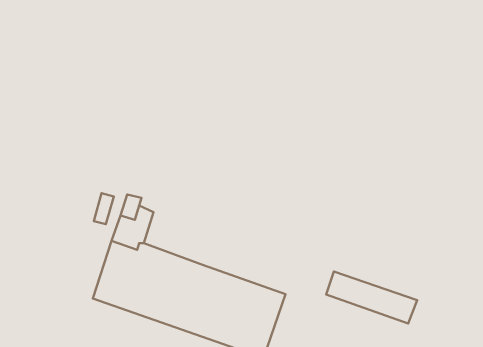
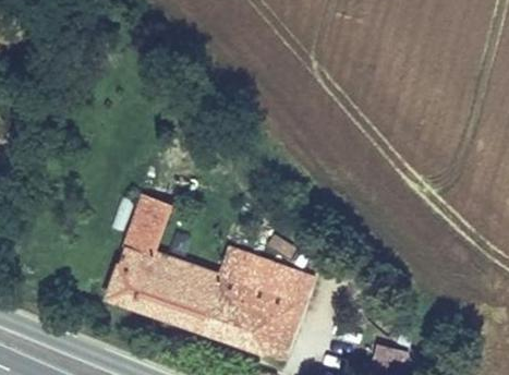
building: [326,271,417,323] -> [219,245,308,297]

